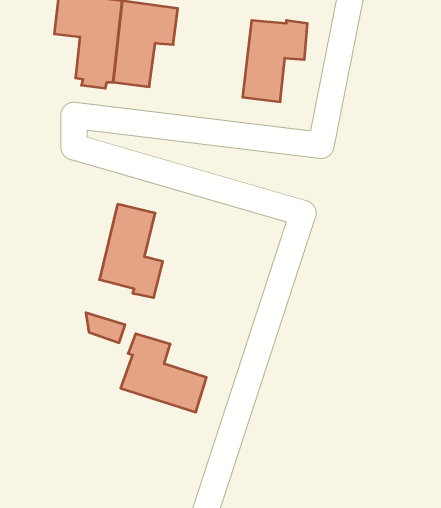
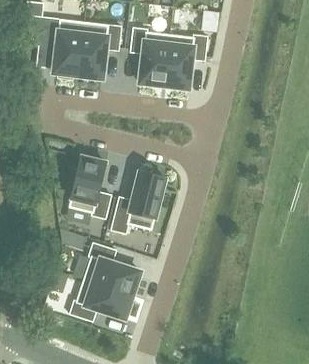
building: none -> [129,27,169,85]
building: none -> [110,170,164,233]
building: none -> [68,278,132,321]

